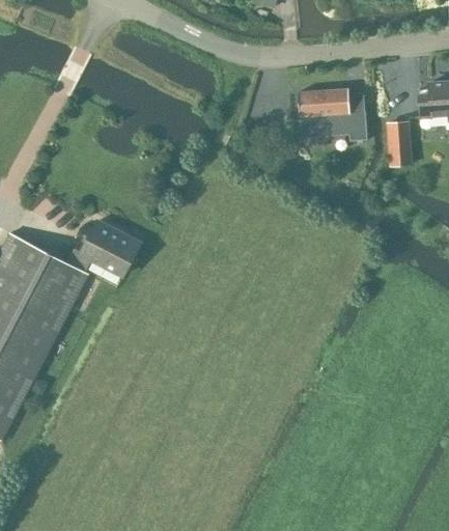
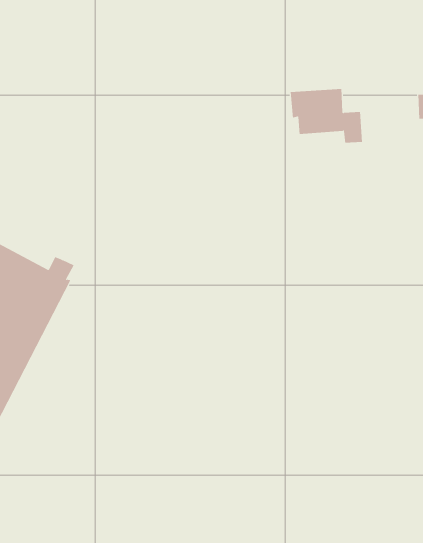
building: [387,122,411,166] -> none
building: [81,219,141,274] -> none

